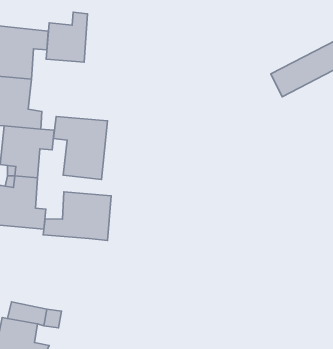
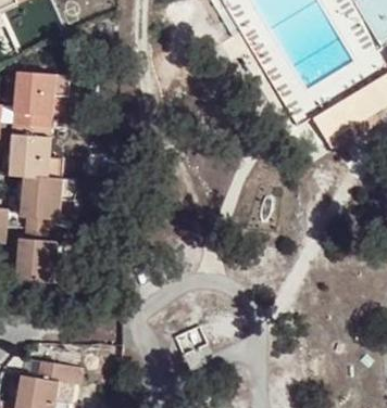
building: [46,12,87,62] -> none
building: [53,117,108,179] -> none
building: [43,192,111,240] -> none

